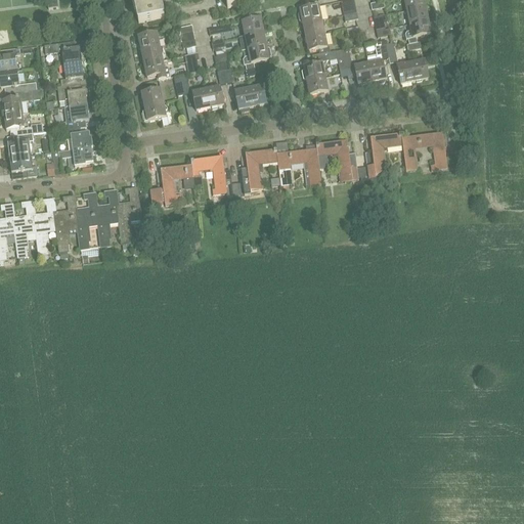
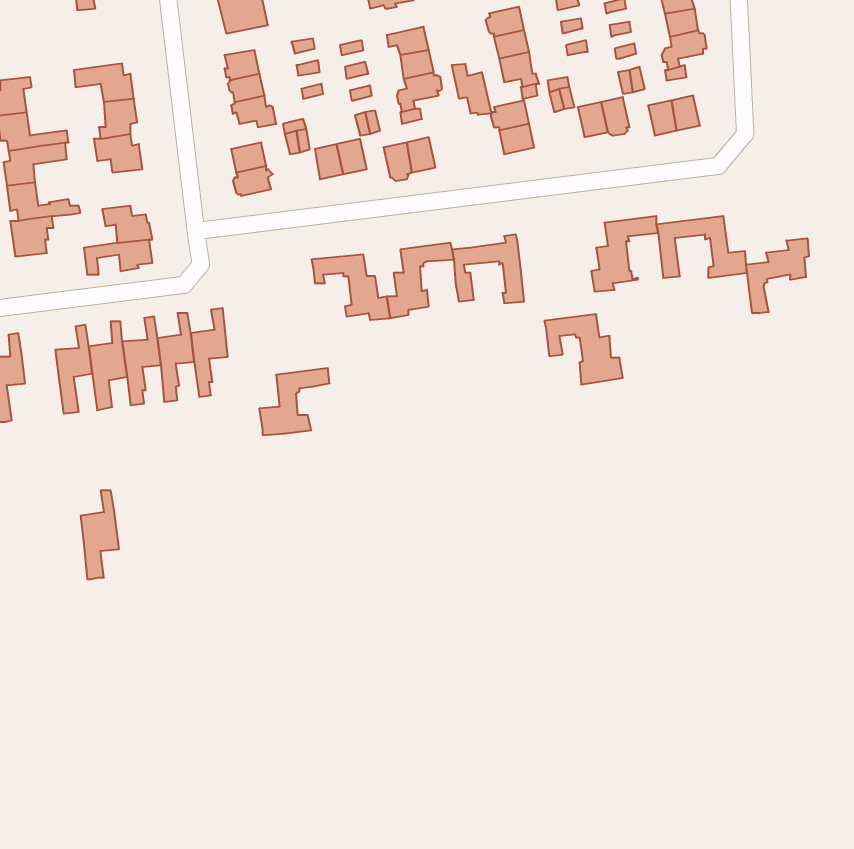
building: none -> [452,64,492,115]
building: [62,103,89,128] -> none
building: [315,139,363,182] -> [544,314,623,385]
building: none -> [746,238,809,313]
building: [9,155,37,176] -> none
building: [149,164,192,205] -> [259,368,330,435]
building: [13,202,37,256] -> [81,491,119,579]

